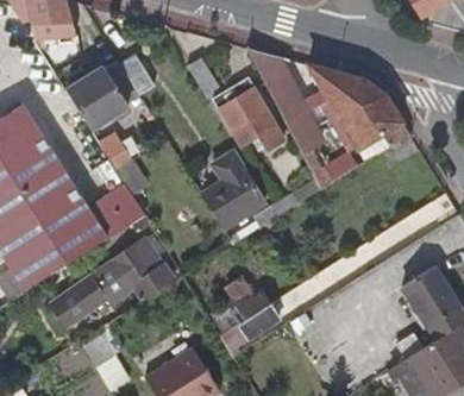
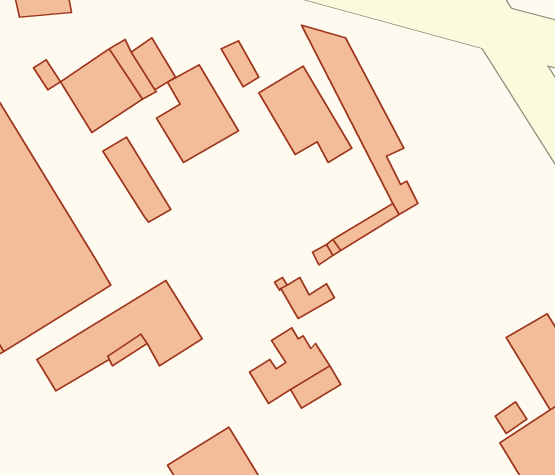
building: [309,64,409,151] -> none
building: [200,156,262,230] -> [157,65,238,162]
building: [92,191,145,244] -> none

